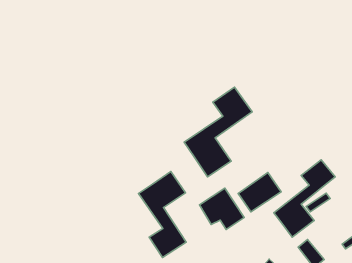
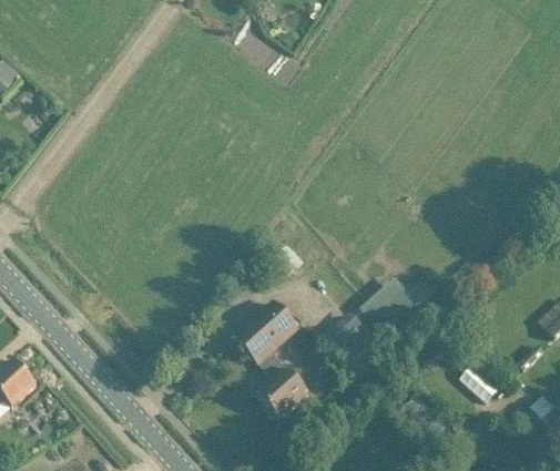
building: [184,87,252,177] -> none
building: [274,160,335,237] -> none

